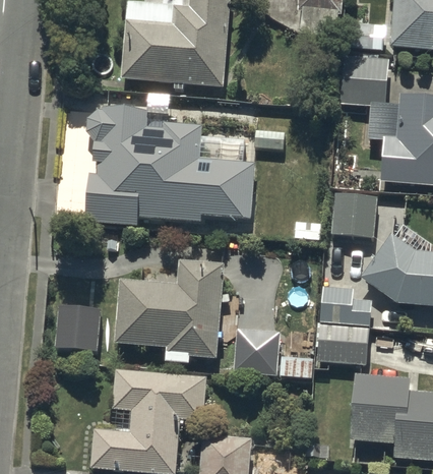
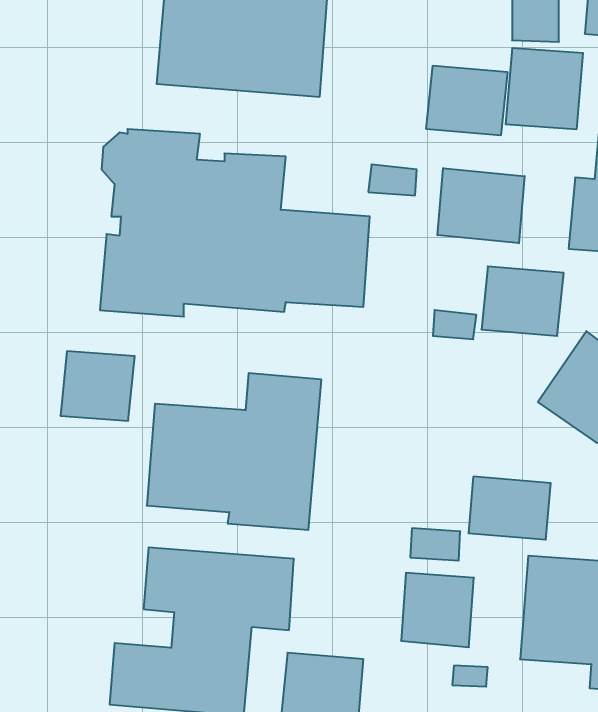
building: none -> [426,66,507,135]
building: none -> [438,168,525,243]
building: [319,286,371,324] -> none
building: [54,306,101,350] -> [60,351,135,421]
building: [234,329,280,375] -> [401,573,474,647]

